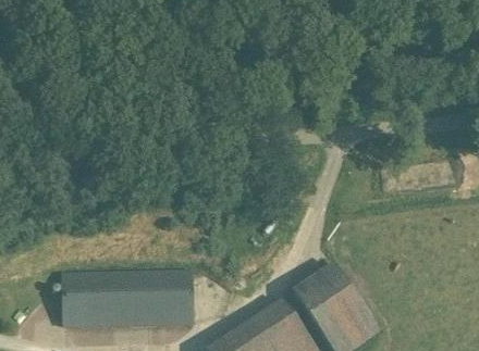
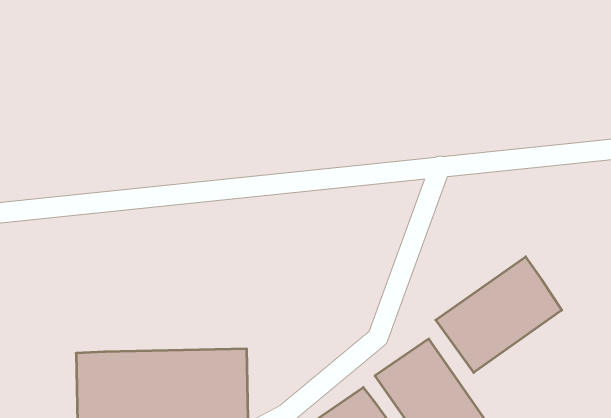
building: none -> [436,257,562,373]

